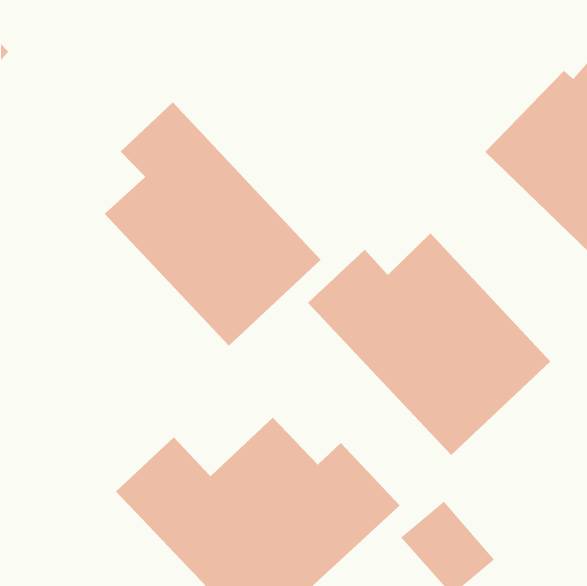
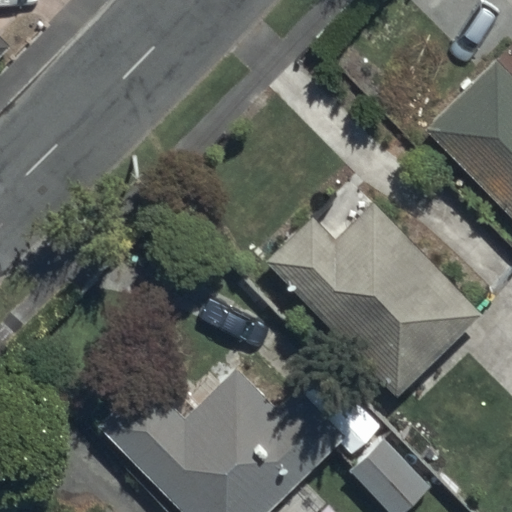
building: [104,102,322,347] -> none

